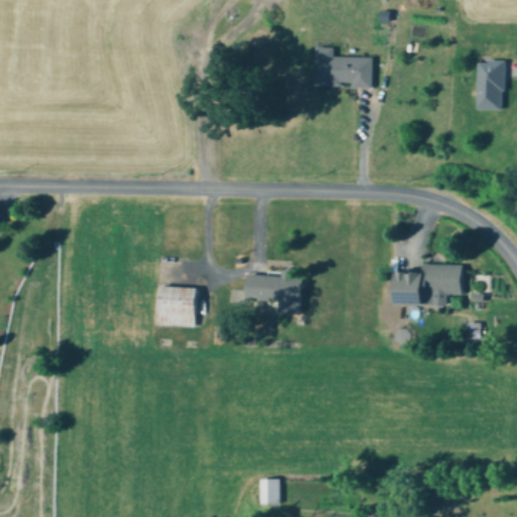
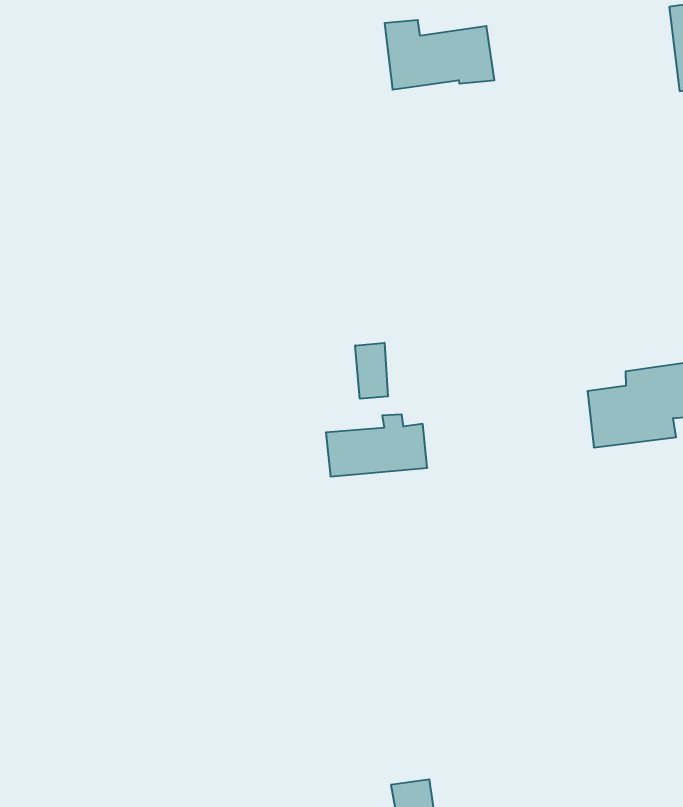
building: none -> [355,343,388,399]
building: [156,287,199,327] -> none

